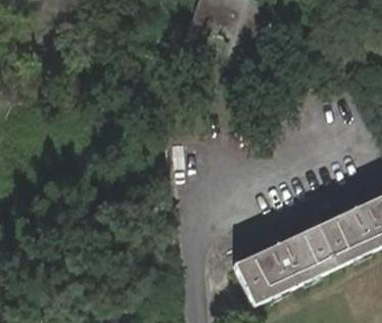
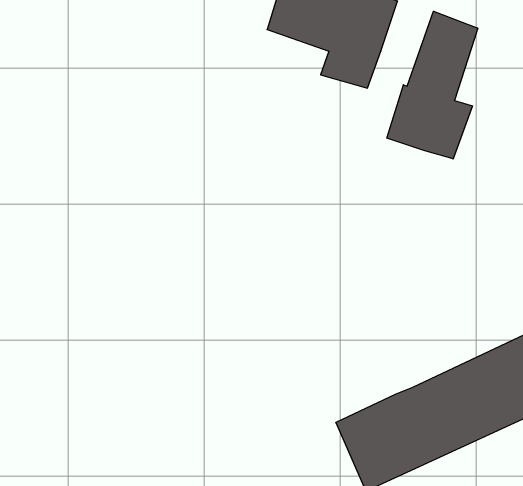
building: none -> [387,11,478,159]

